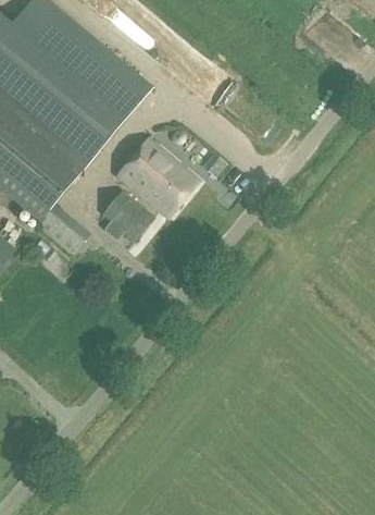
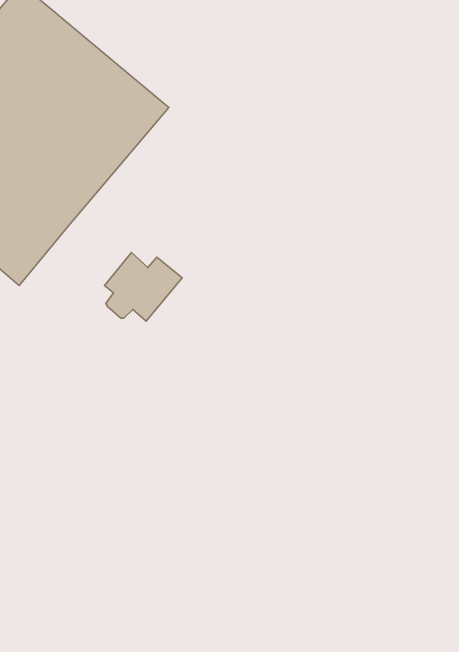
building: [116,140,196,217] -> none

